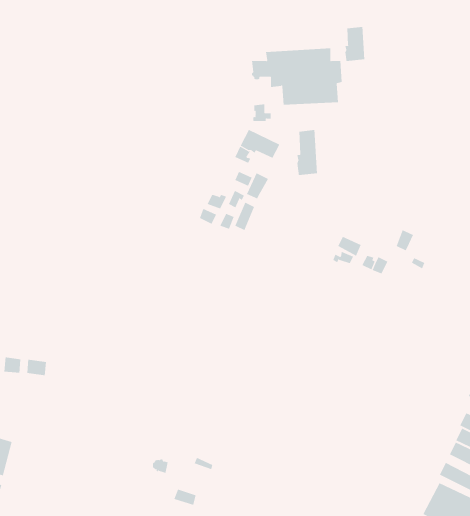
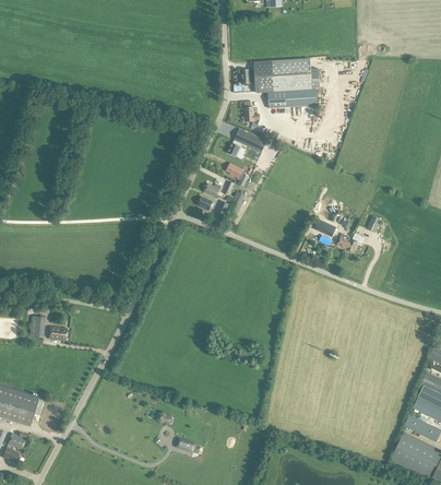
building: [345,26,365,62] -> none
building: [297,129,317,176] -> none

